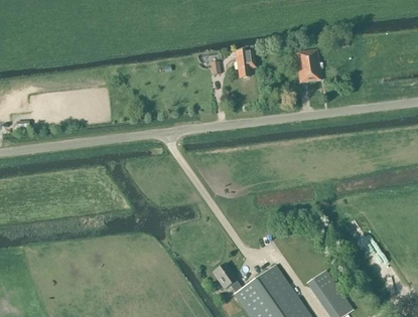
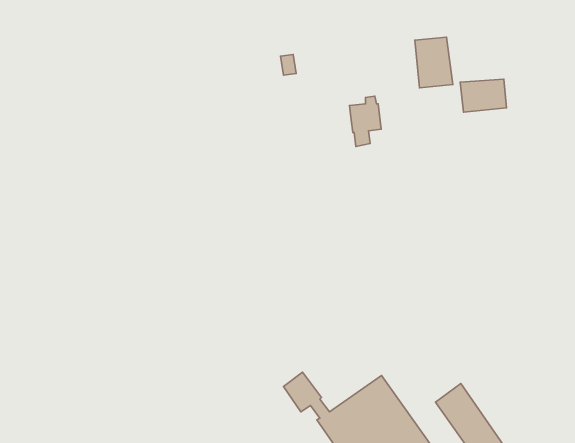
building: [236,45,256,77] -> [350,96,381,147]
building: none -> [460,79,507,112]

